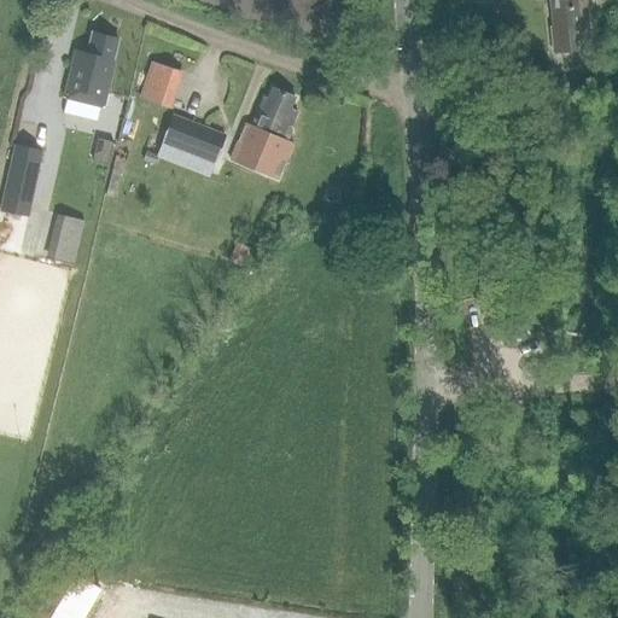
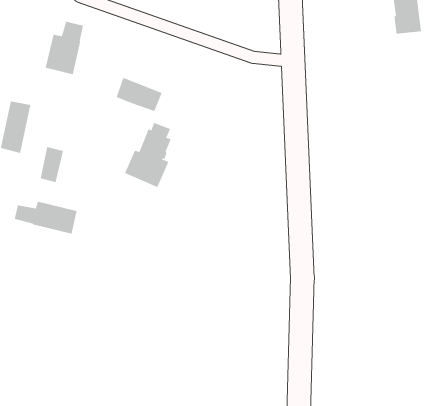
building: [147,60,190,103] -> none
building: [229,88,296,180] -> [124,122,172,188]
building: none -> [14,201,77,234]

